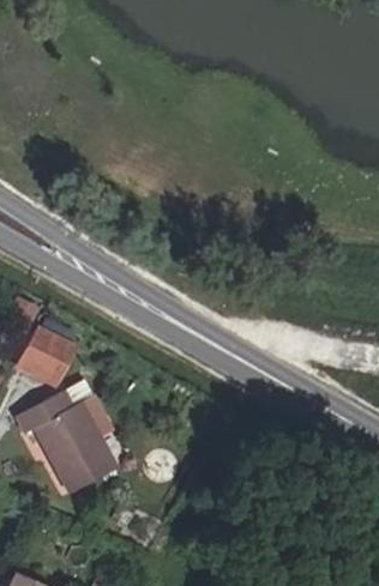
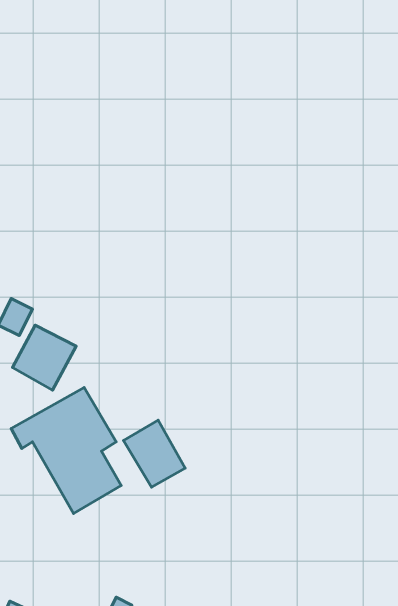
building: none -> [124,420,185,487]

